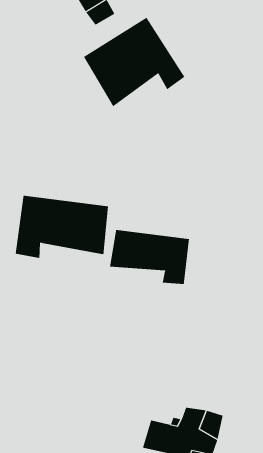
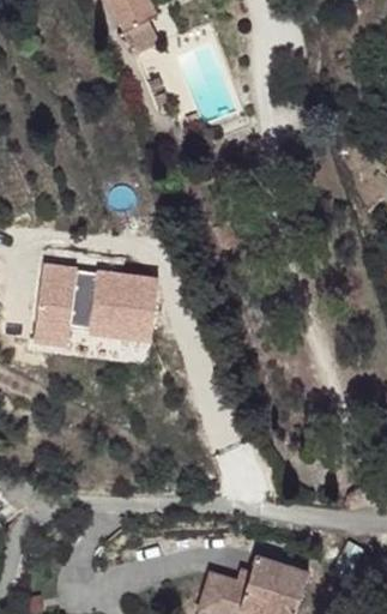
building: [83,17,185,107] -> none
building: [109,229,189,285] -> none

